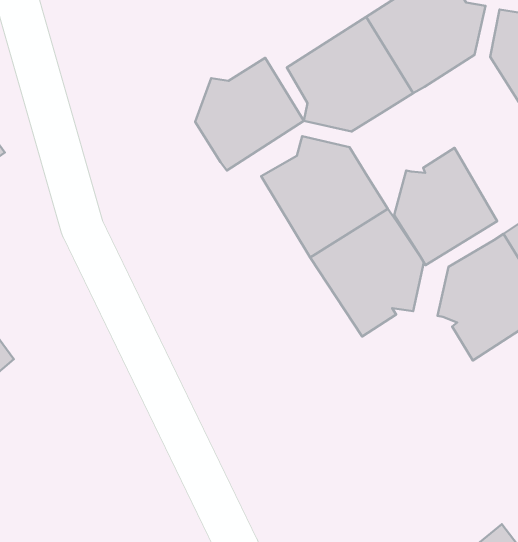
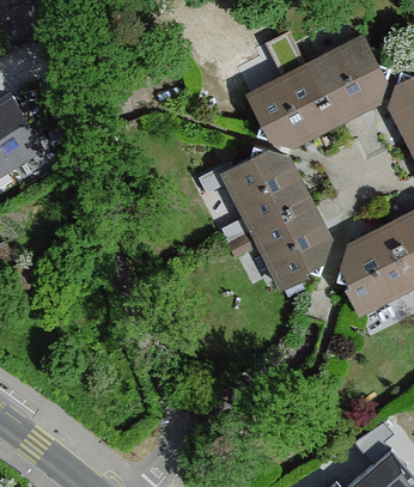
building: [195,58,304,171] -> none
building: [394,148,497,265] -> none

